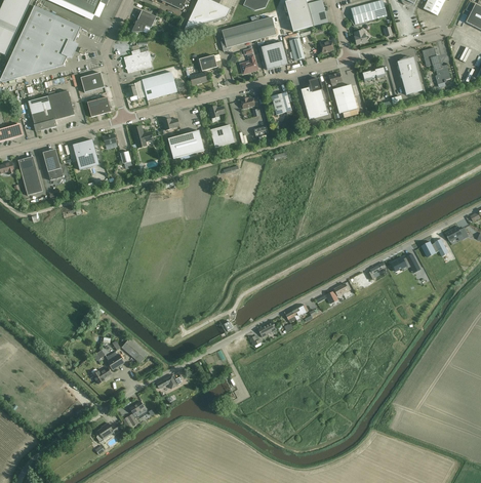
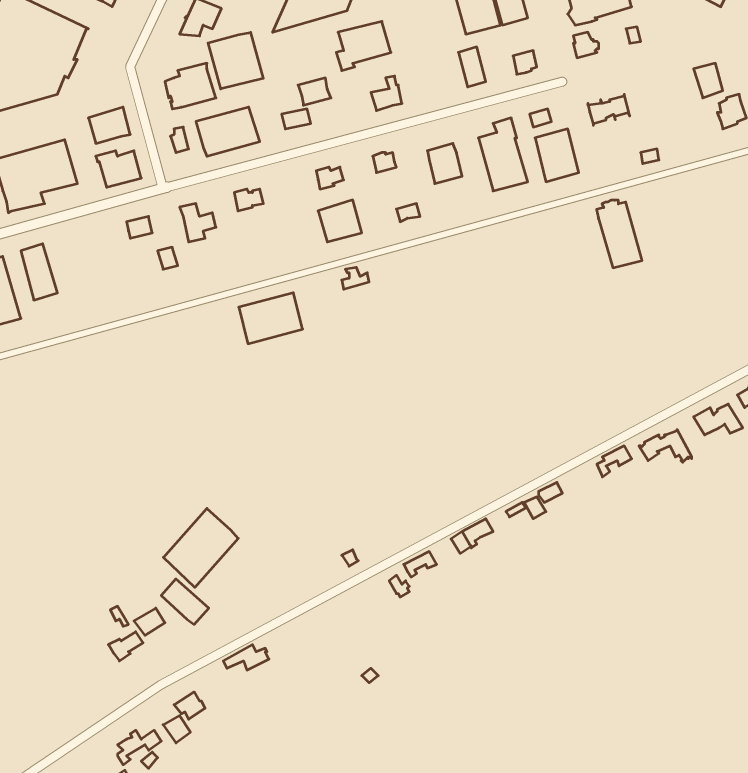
building: [246,15,276,40] -> none
building: none -> [208,32,263,89]
building: [260,40,288,69] -> none
building: [397,55,423,93] -> [597,200,642,268]
building: [168,129,204,158] -> [239,293,303,344]
building: [73,138,99,169] -> none
building: none -> [163,508,238,587]

